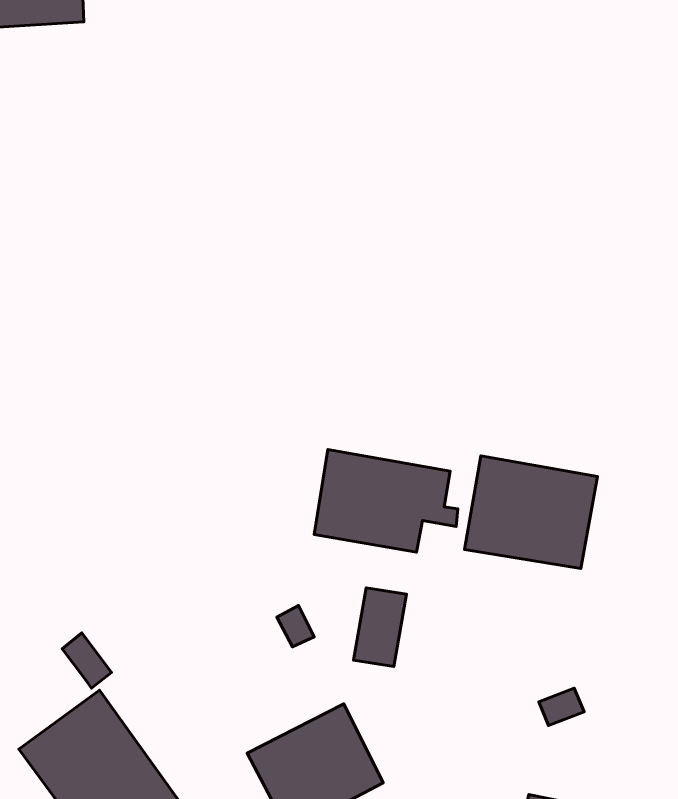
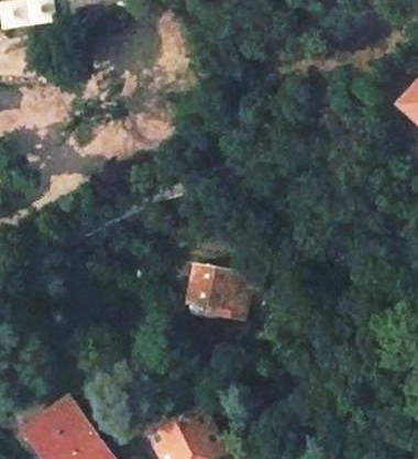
building: [464,456,598,569] -> none
building: [354,588,406,666] -> none

